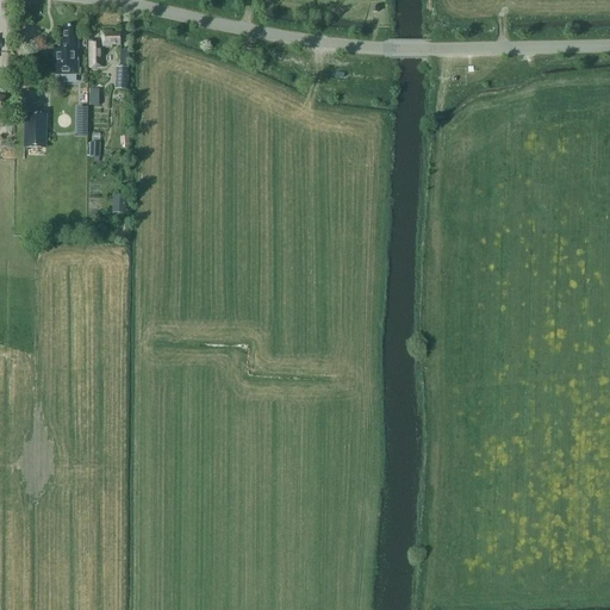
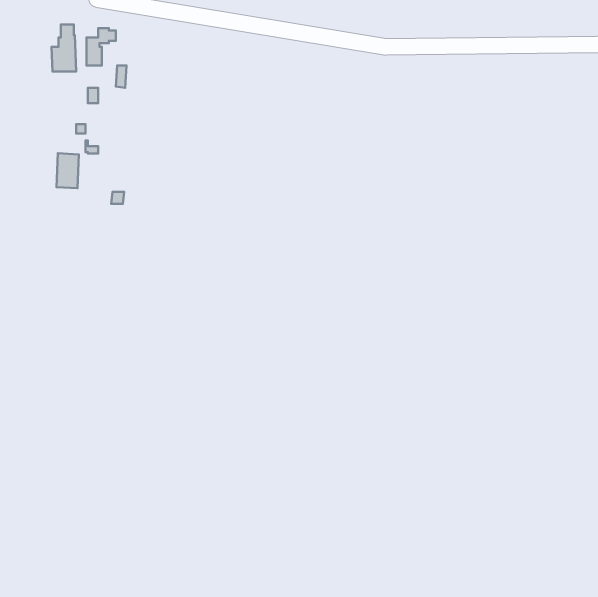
building: [24,113,46,149] -> [57,153,79,188]

